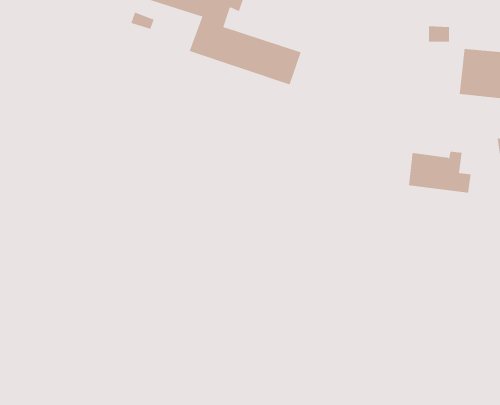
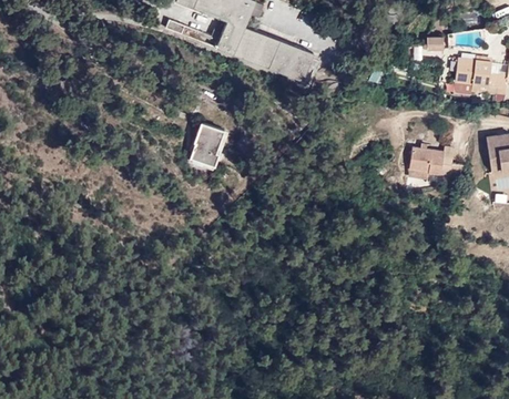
building: none -> [190,127,226,171]

